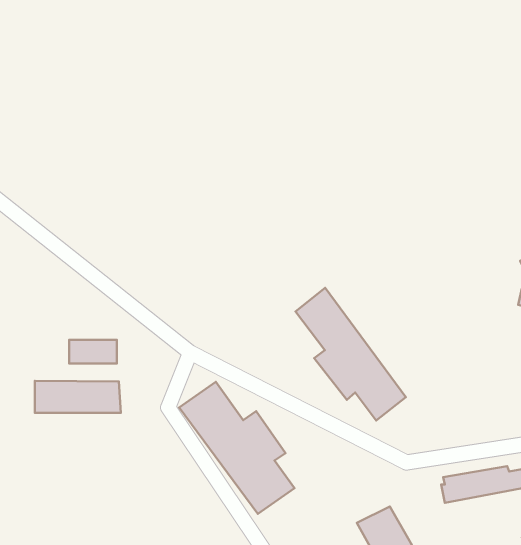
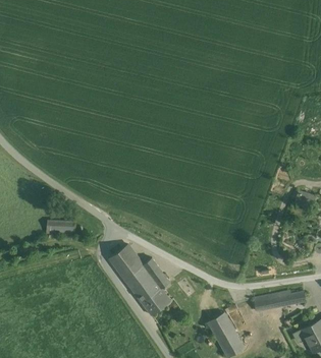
building: [295,288,406,421] -> none
building: [35,381,121,413] -> none

